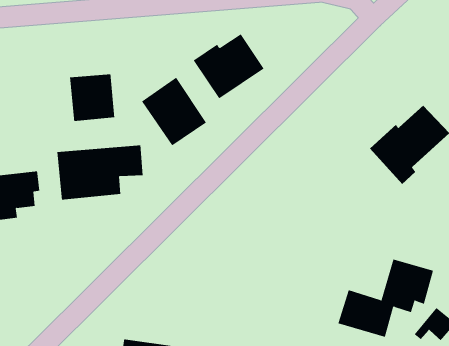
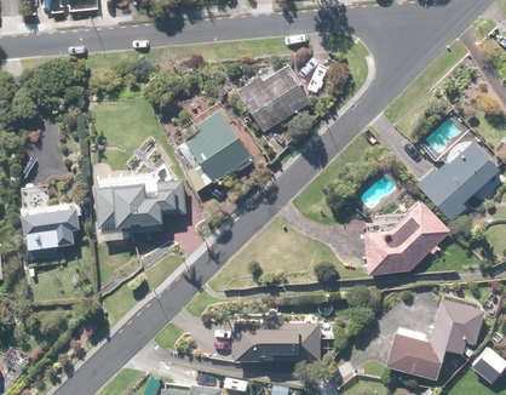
building: [70,74,115,122] -> none
building: none -> [367,202,449,273]
building: none -> [235,321,321,361]

